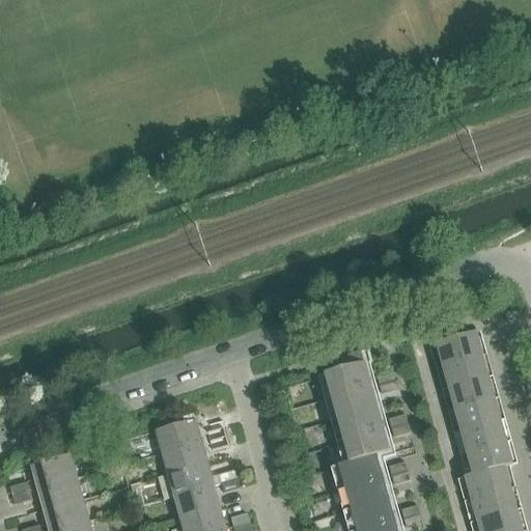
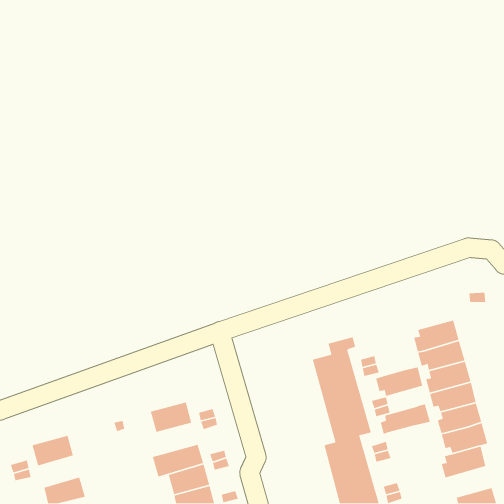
building: none -> [375,367,423,397]
building: none -> [380,403,431,435]
building: [164,445,208,477] -> none
building: [39,479,84,512] -> none
building: [468,491,518,523] -> none

